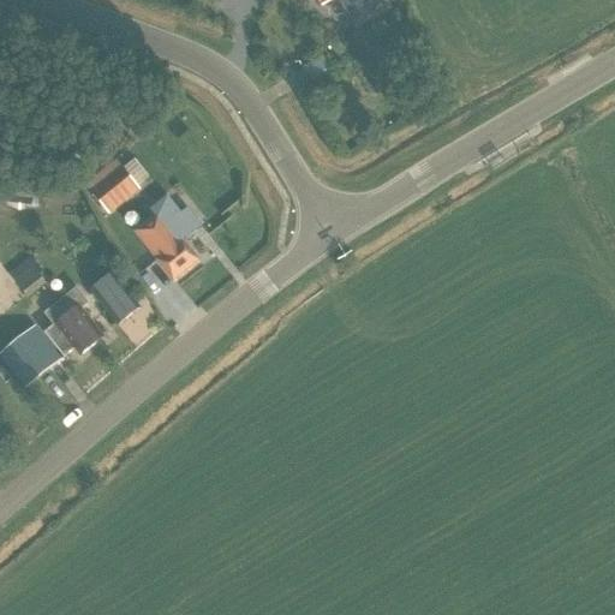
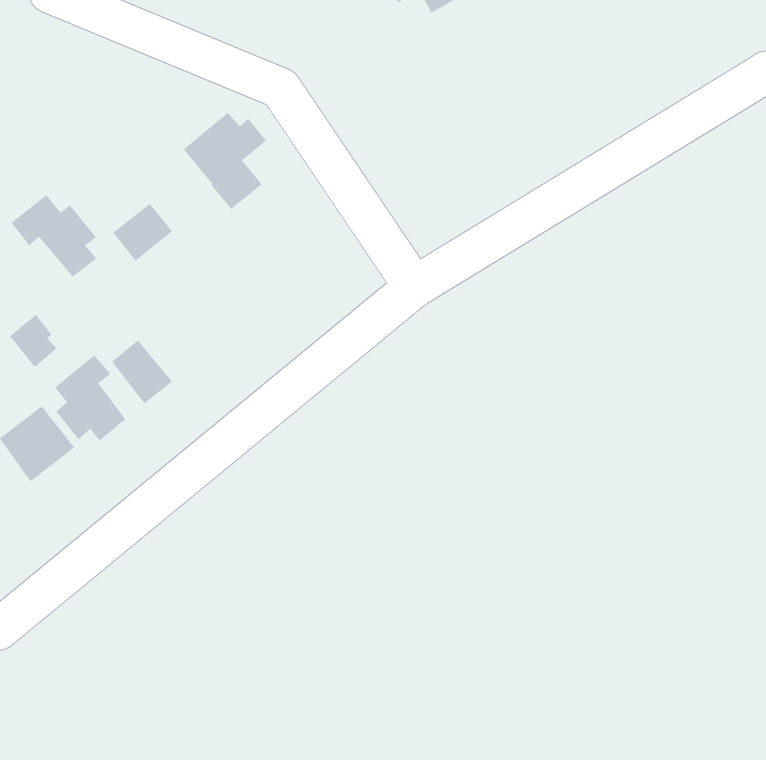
building: none -> [11,194,97,278]
building: [133,199,201,277] -> [183,112,267,210]

